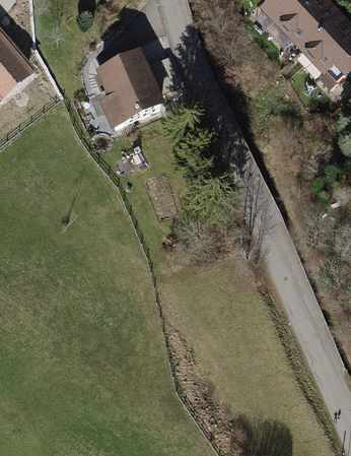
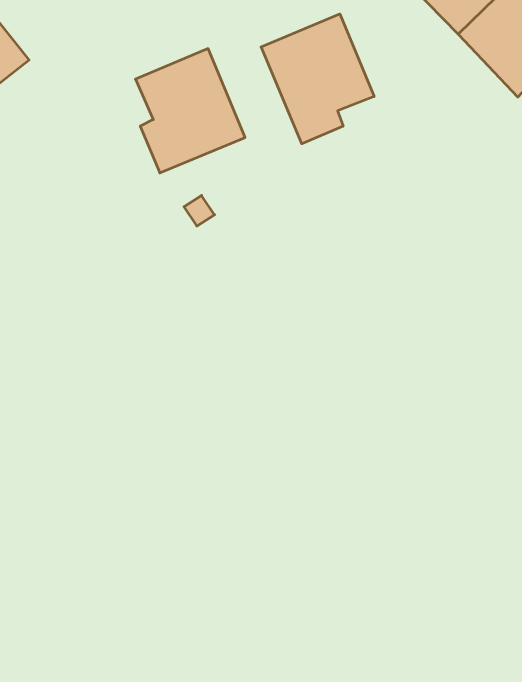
building: none -> [261,14,374,144]

